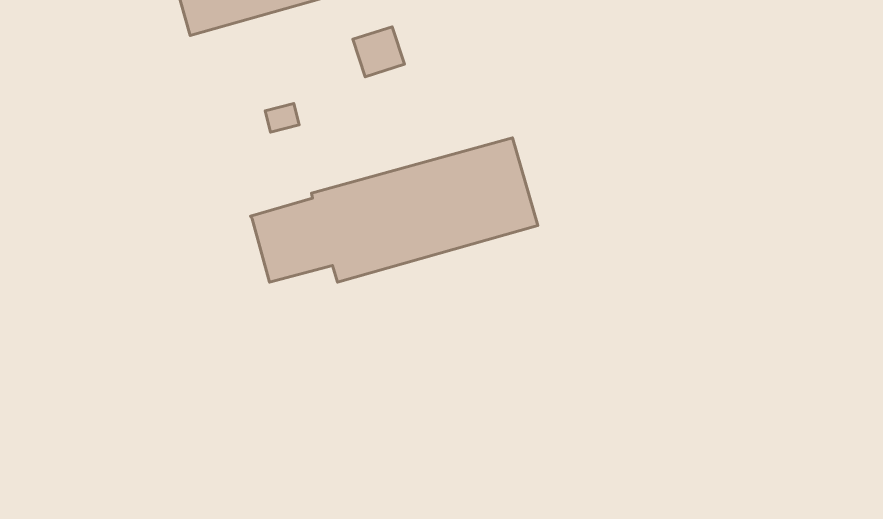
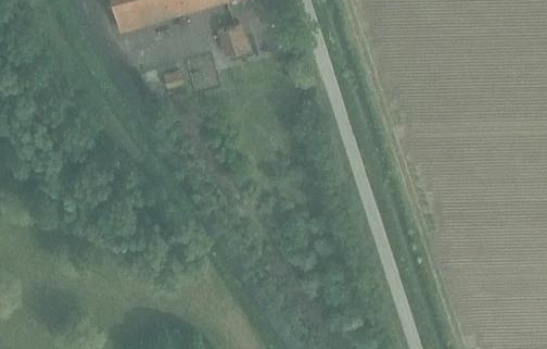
building: [251,138,538,282] -> none

